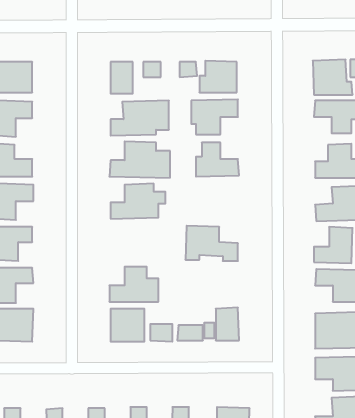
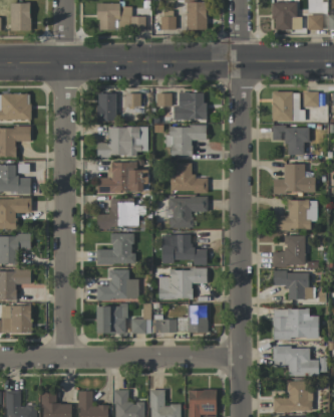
building: none -> [164,197,208,228]
building: none -> [96,233,133,265]
building: none -> [157,268,207,299]

